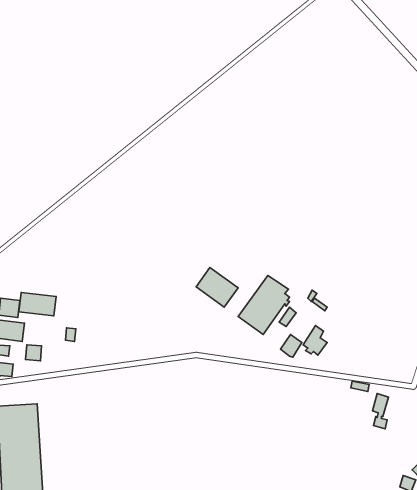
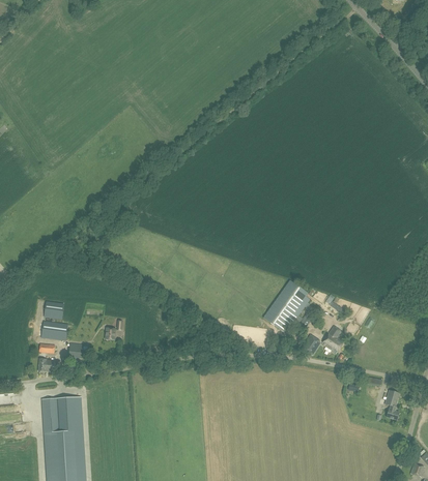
building: [196,268,238,307] -> none
building: [19,293,56,316] -> none

